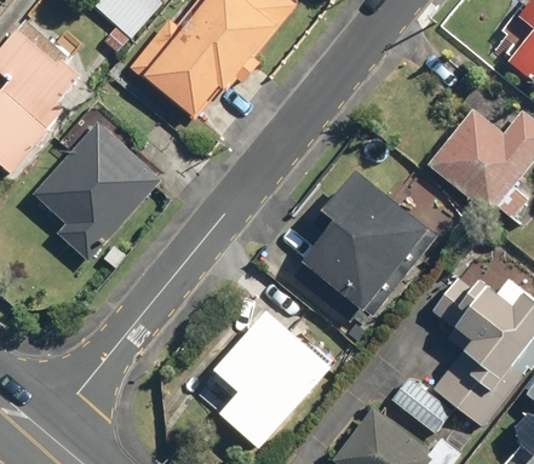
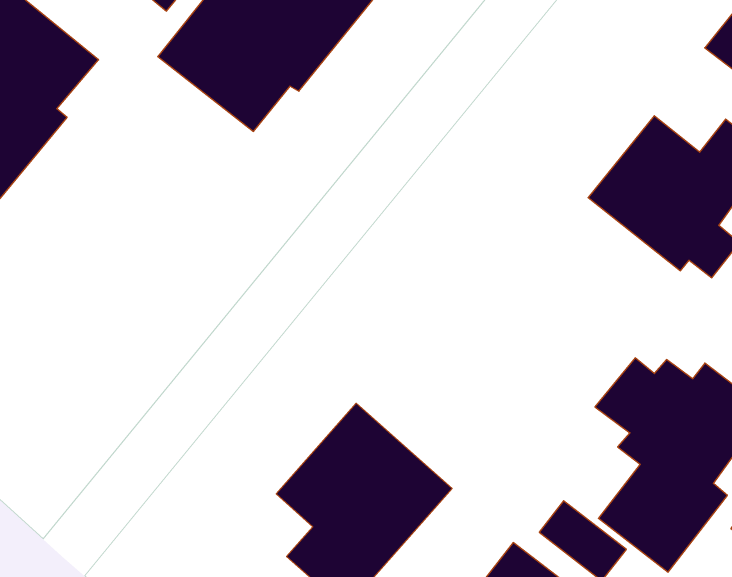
building: [31,120,163,262] -> none
building: [291,168,440,332] -> none

